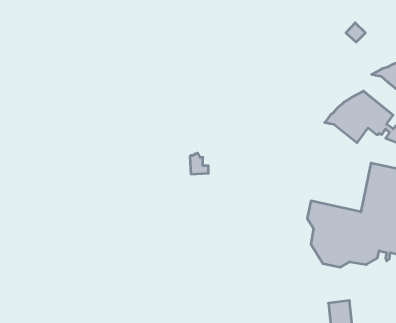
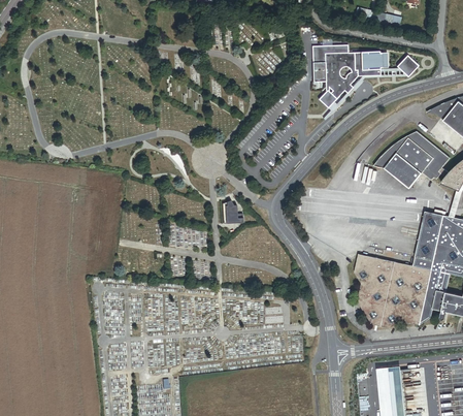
building: none -> [312,44,383,103]

